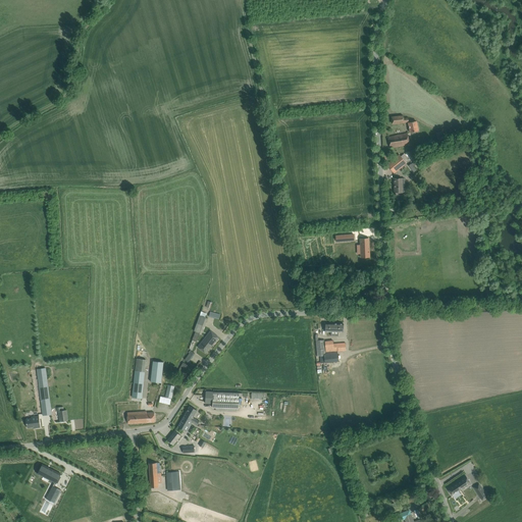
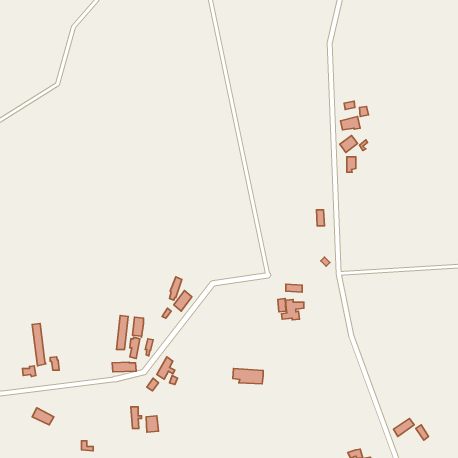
building: [205,392,240,409] -> [233,369,263,384]

